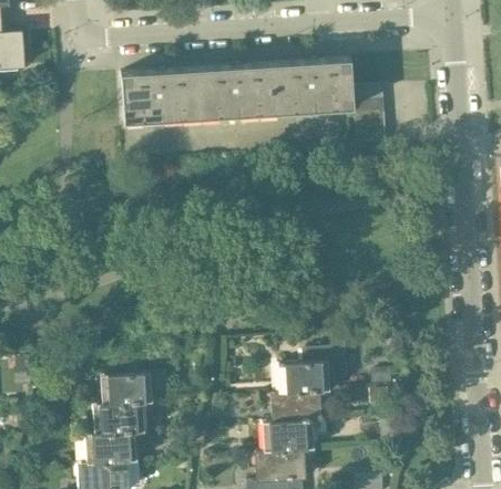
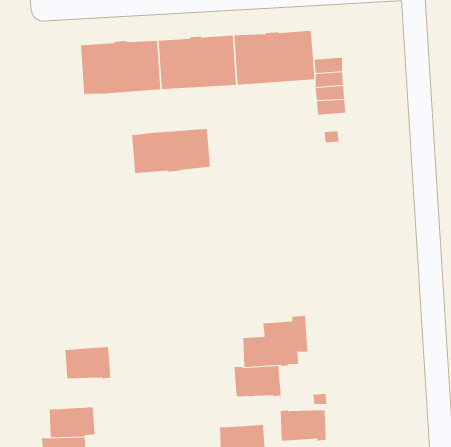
building: none -> [132,128,211,174]
building: [99,406,145,437] -> none
building: [268,424,315,455] -> [280,410,327,441]

